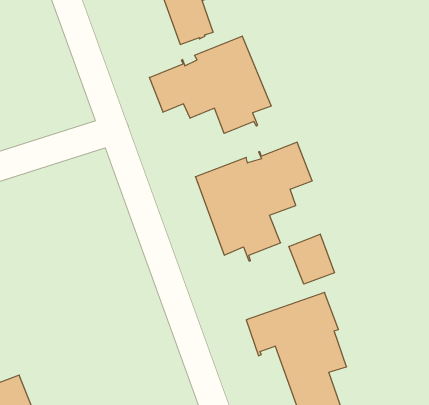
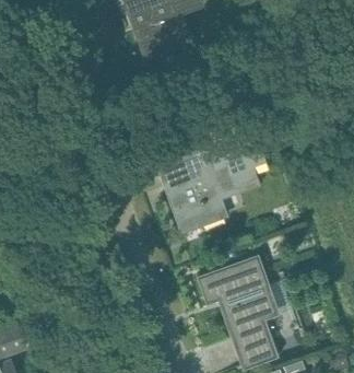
building: [149,36,271,133] -> none
building: [289,234,334,284] -> none

